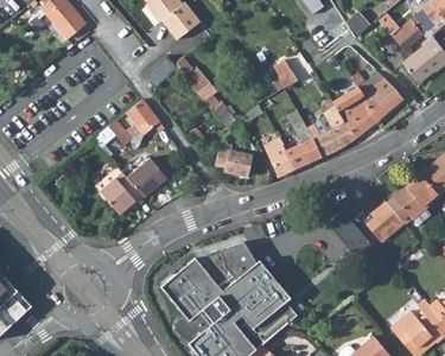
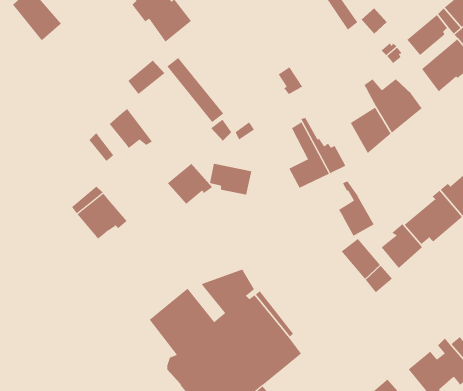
building: [323,100,355,150] -> [338,180,375,237]
building: [261,136,294,178] -> none
building: [126,161,166,198] -> [167,163,213,205]

